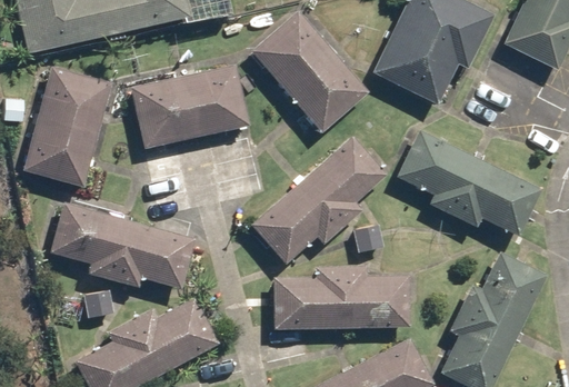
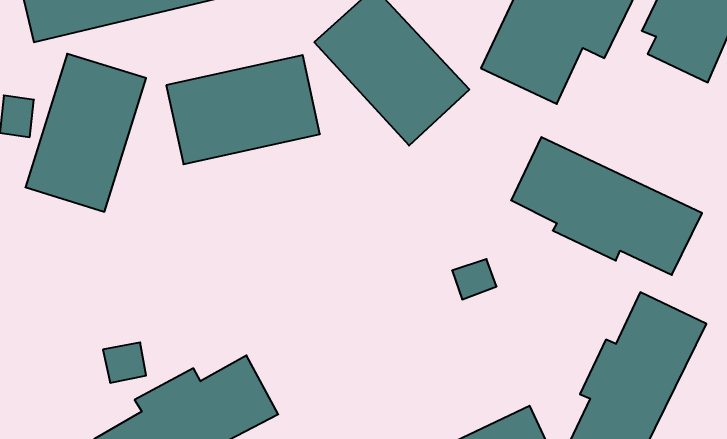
building: [251,137,388,262] -> none
building: [50,201,196,289] -> none
building: [274,267,407,330] -> none

